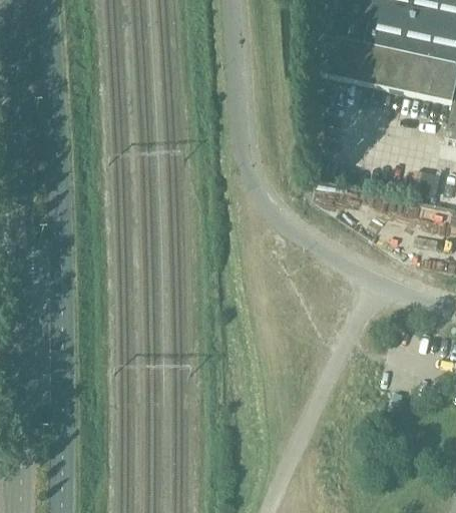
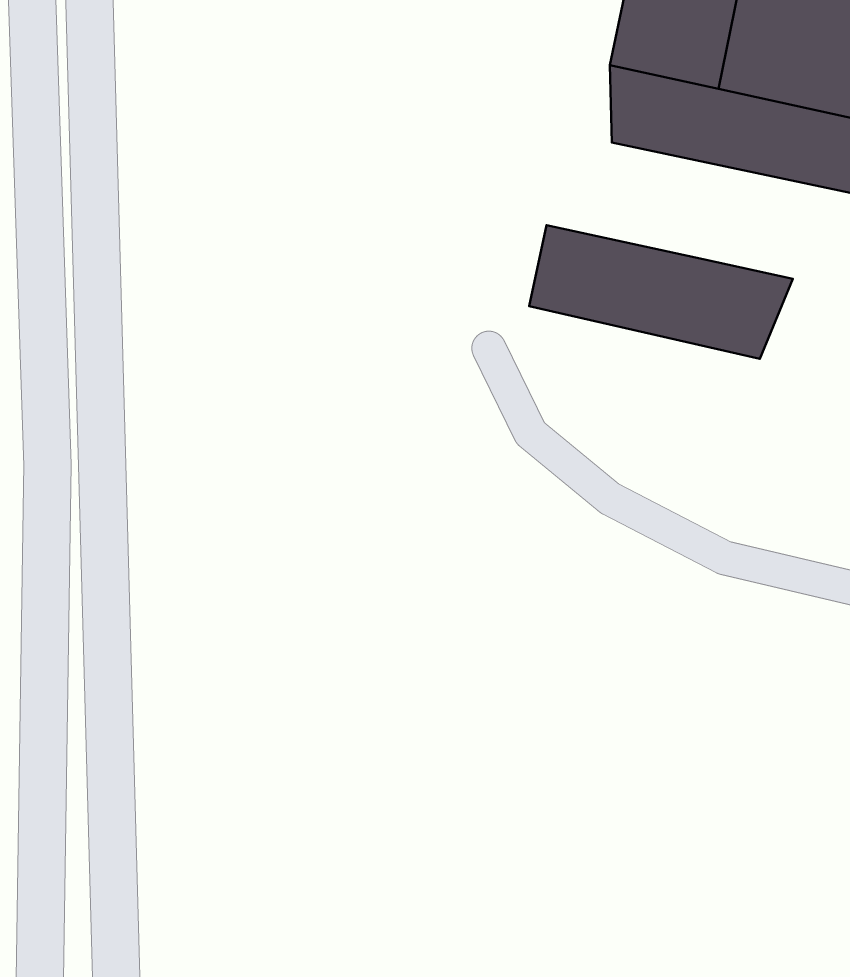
building: none -> [529,225,793,359]

